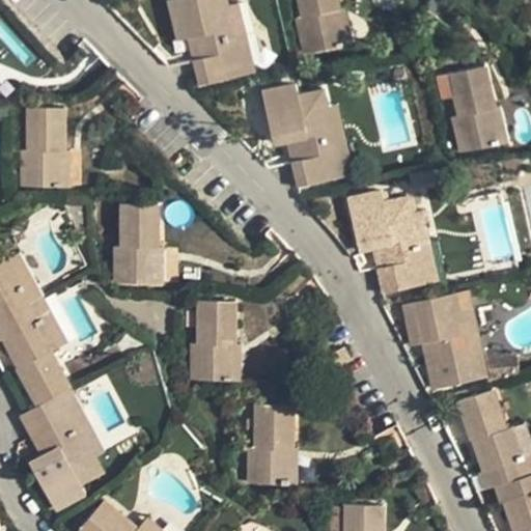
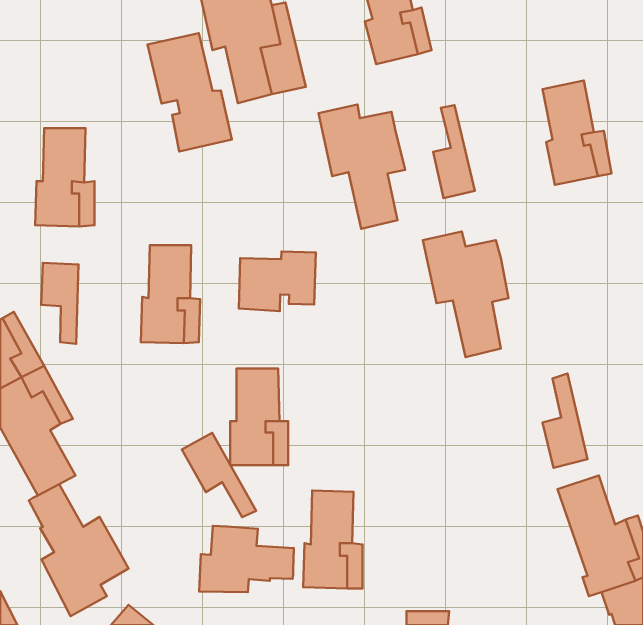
building: none -> [147,33,232,152]
building: [319,105,354,181] -> [433,105,475,198]
building: none -> [239,252,316,311]
building: [406,211,440,287] -> none
building: none -> [41,263,78,344]
building: [397,295,463,393] -> none
building: [49,386,110,455] -> [182,433,256,517]
building: none -> [199,526,294,592]

